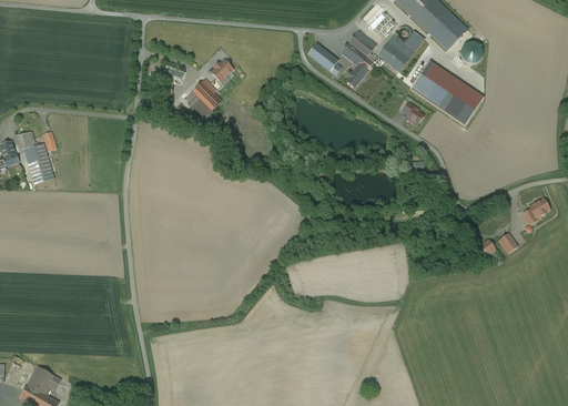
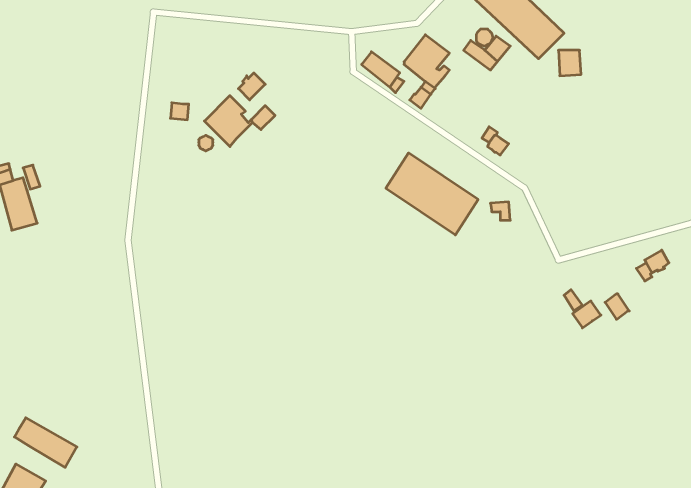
building: [377,42,408,71] -> none
building: [410,61,483,125] -> [386,153,478,235]
building: none -> [14,418,77,467]

